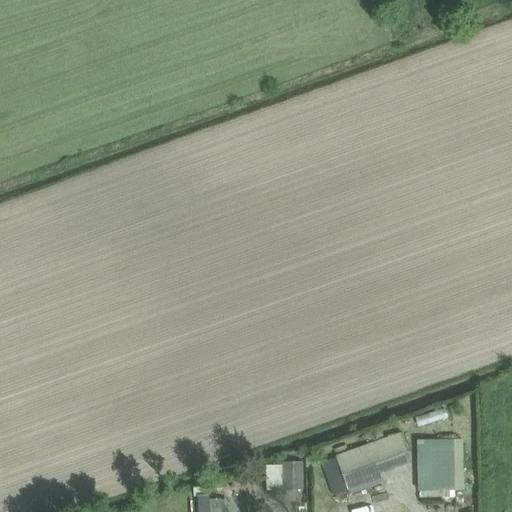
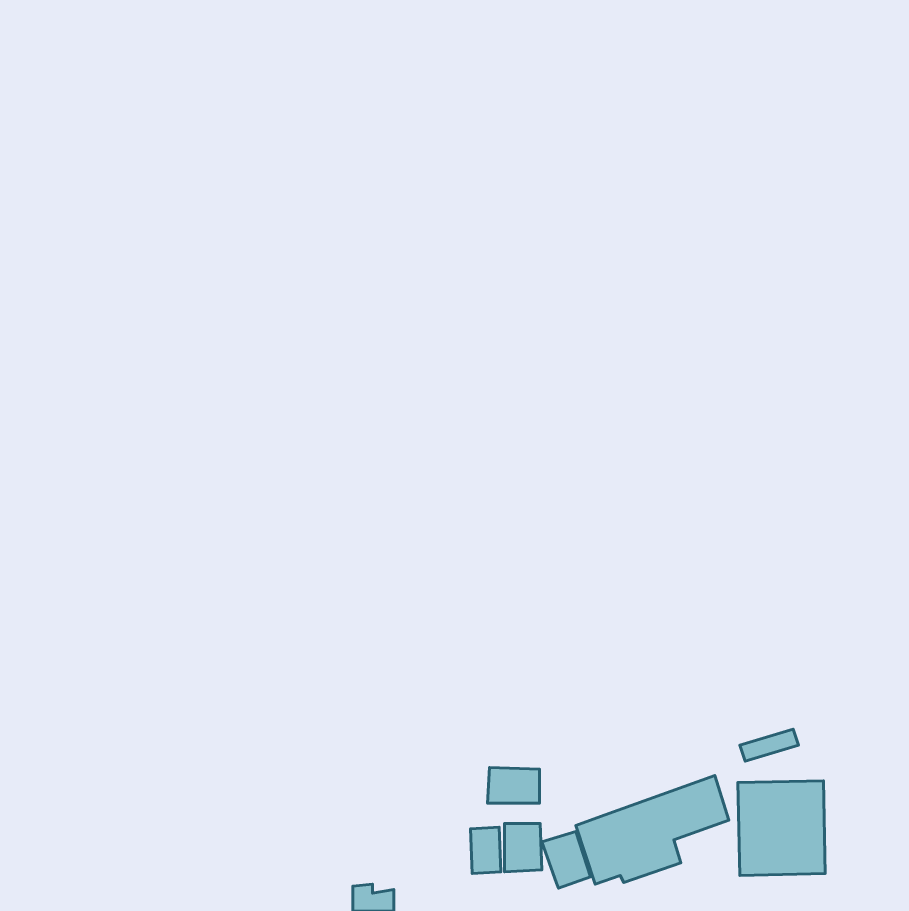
building: none -> [487,767,539,803]
building: none -> [542,832,590,888]

